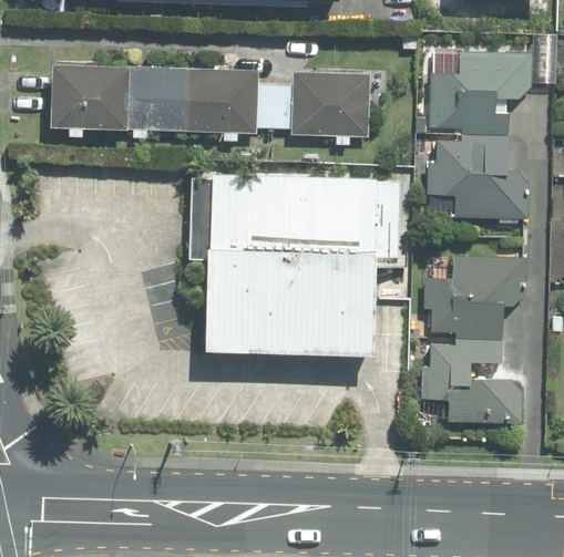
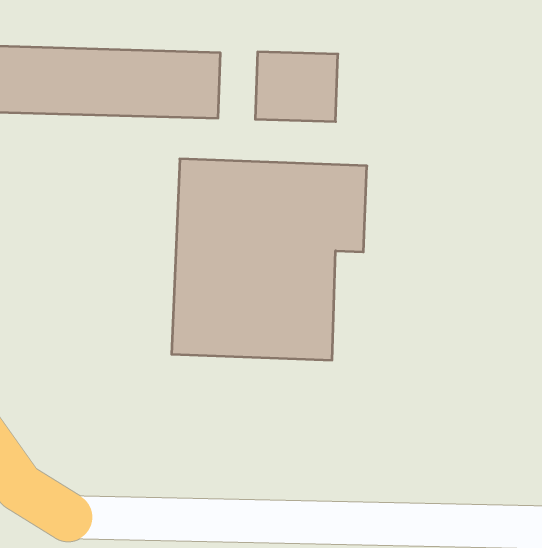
building: [429,54,535,220] -> none
building: [422,256,523,425] -> none

